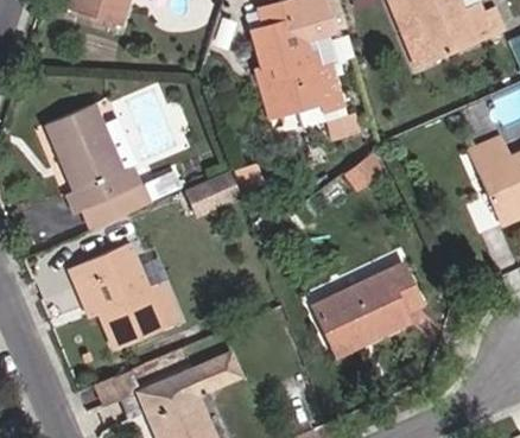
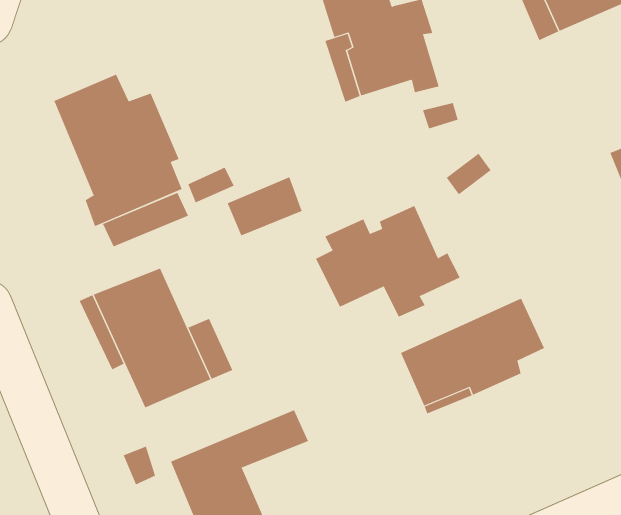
building: none -> [315,205,460,318]

